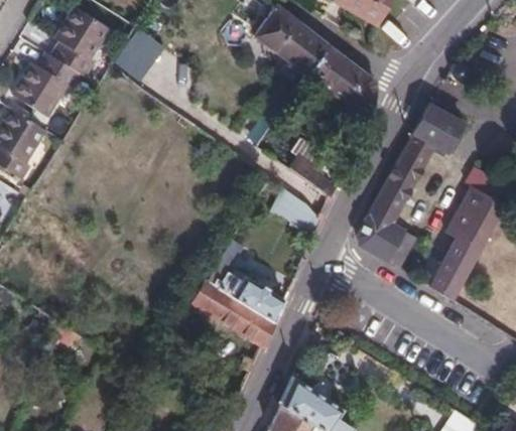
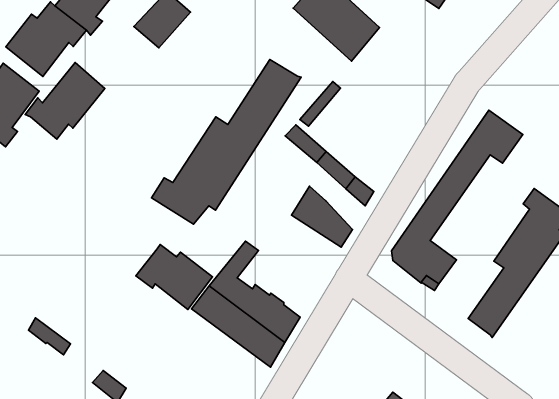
building: [308,45,377,118] -> none
building: none -> [151,59,301,224]
building: none -> [25,63,105,139]
building: none -> [136,244,213,310]

